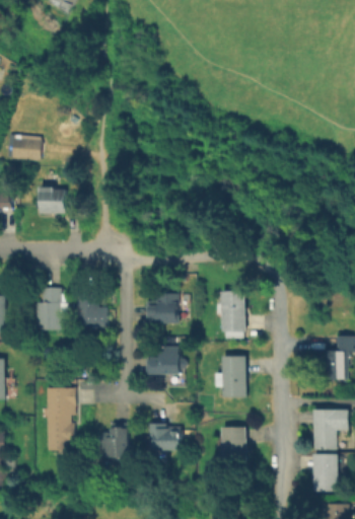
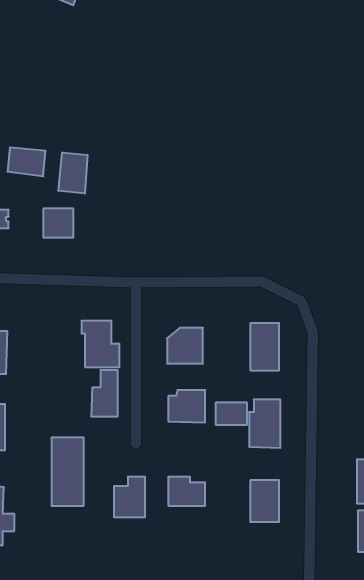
building: none -> [58,152,87,194]
building: [37,288,60,328] -> [91,370,118,416]
building: none -> [216,402,247,425]

